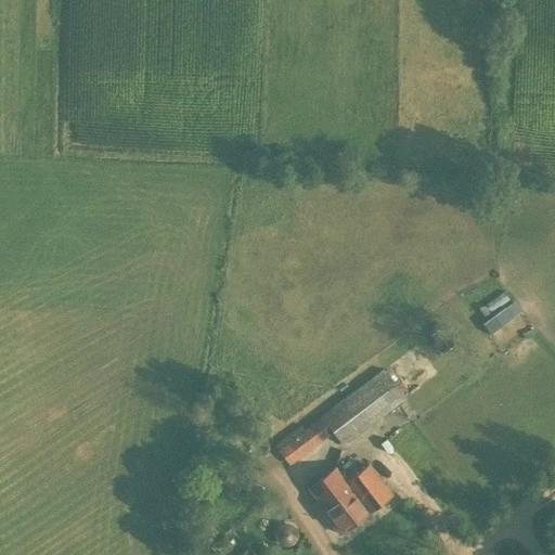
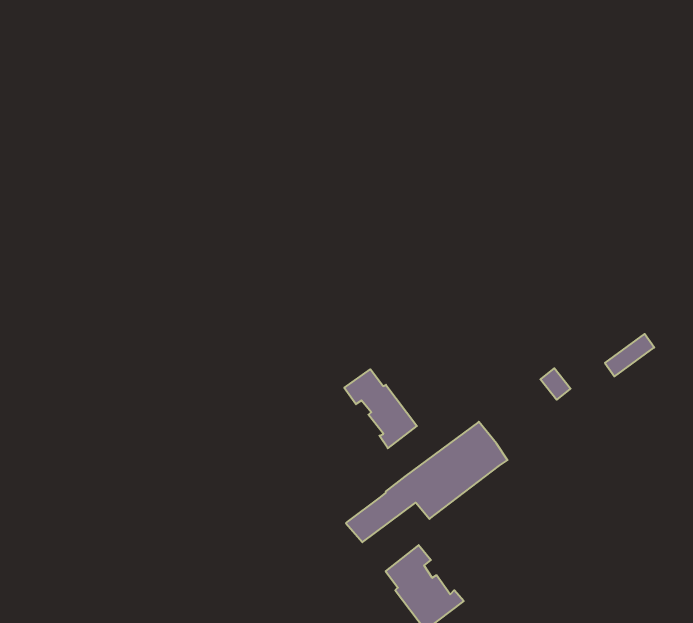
building: none -> [344,369,417,448]
building: [340,464,393,512] -> none

